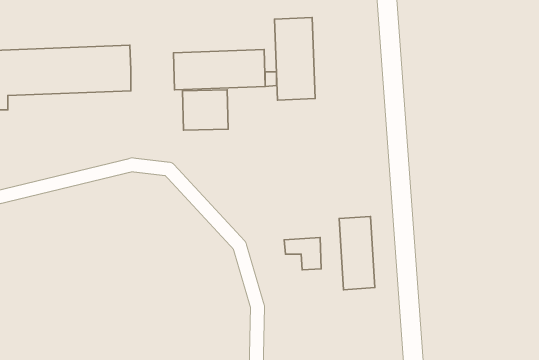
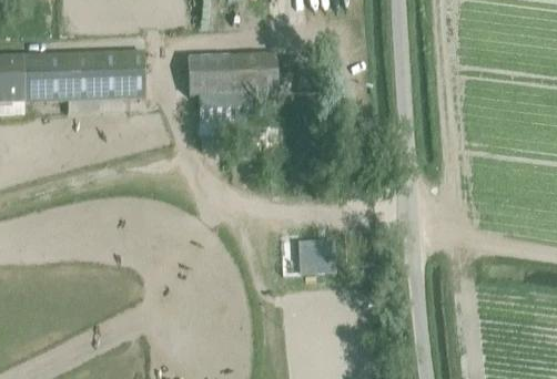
building: [274,18,315,100] -> none
building: [339,216,375,290] -> none

